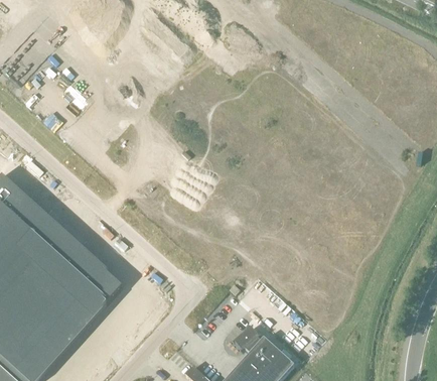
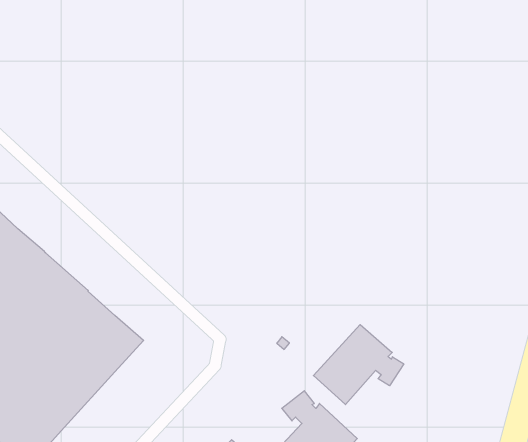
building: none -> [313,325,404,405]

